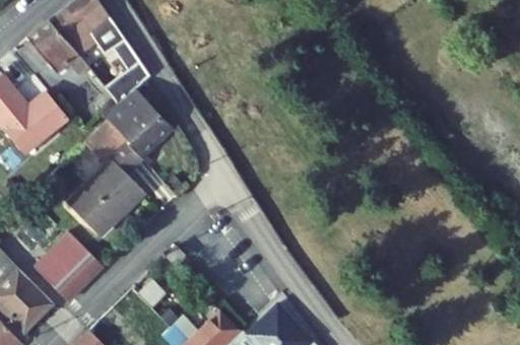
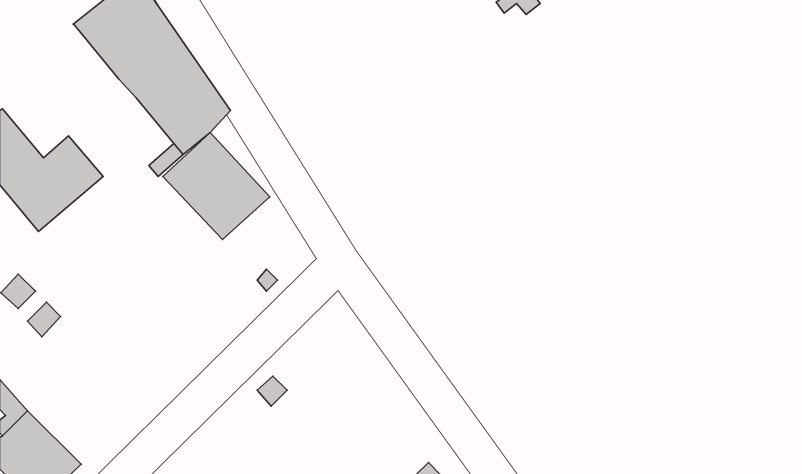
building: [27,20,88,75] -> none
building: [68,124,143,235] -> none
building: [35,240,103,300] -> none

